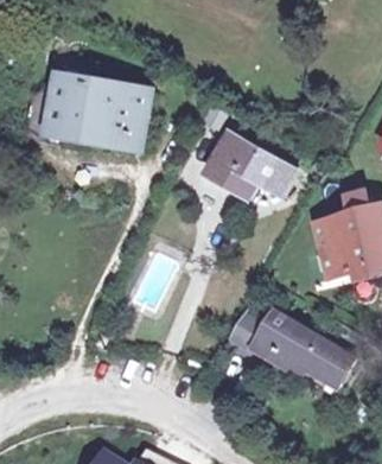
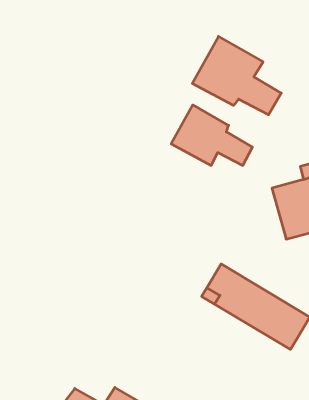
building: none -> [192,36,281,115]
building: [42,75,146,153] -> none

